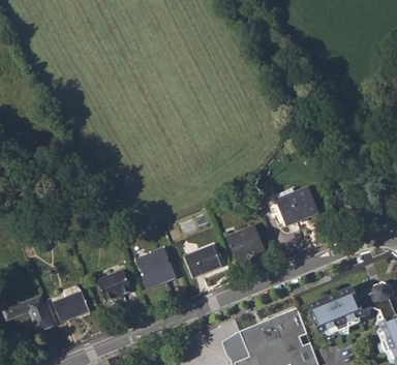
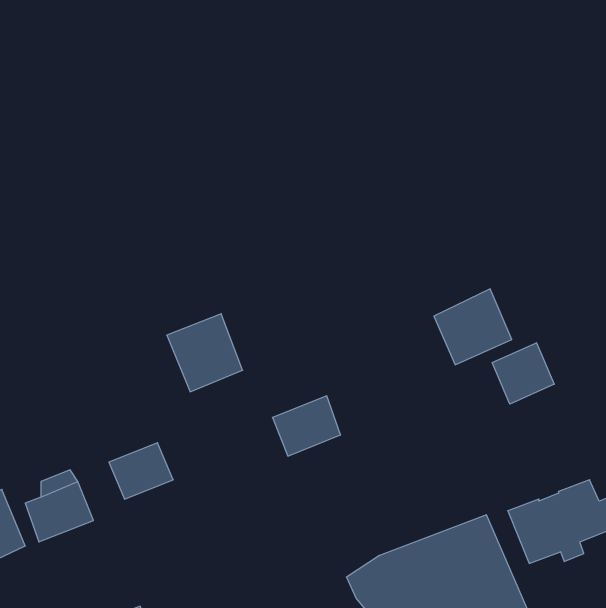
building: none -> [492,343,554,404]
building: [225,224,264,260] -> none
building: [134,247,175,288] -> [167,314,243,392]

